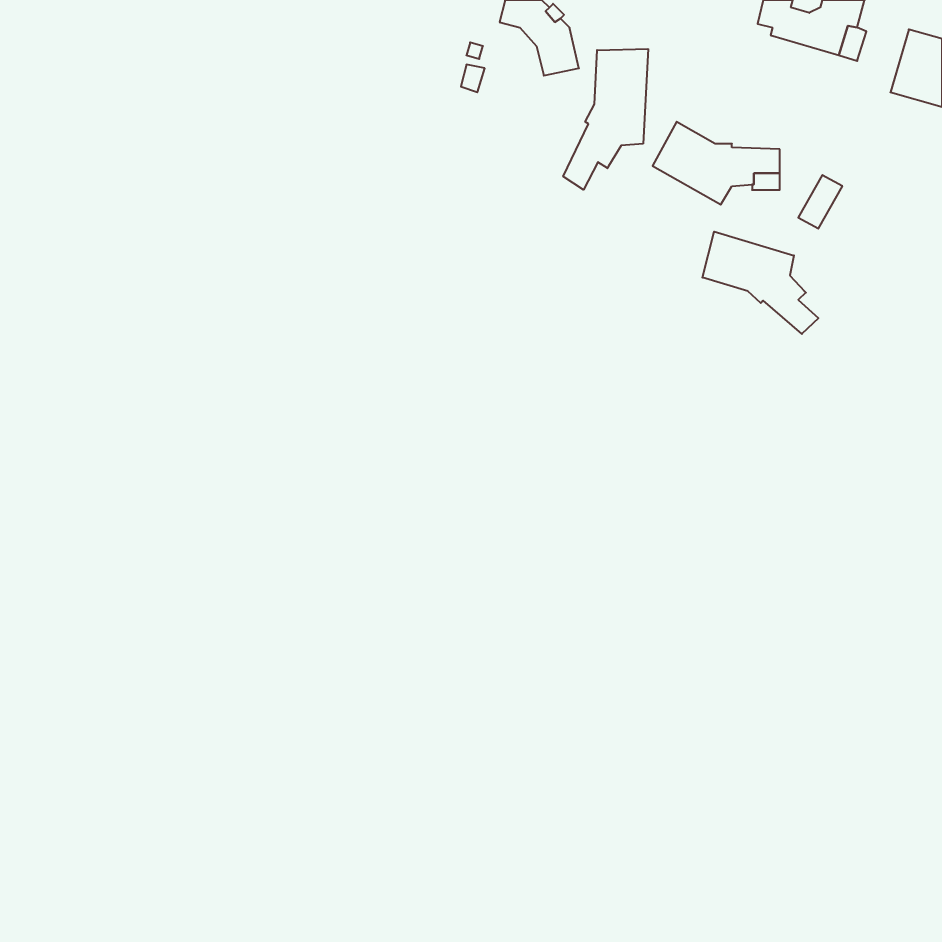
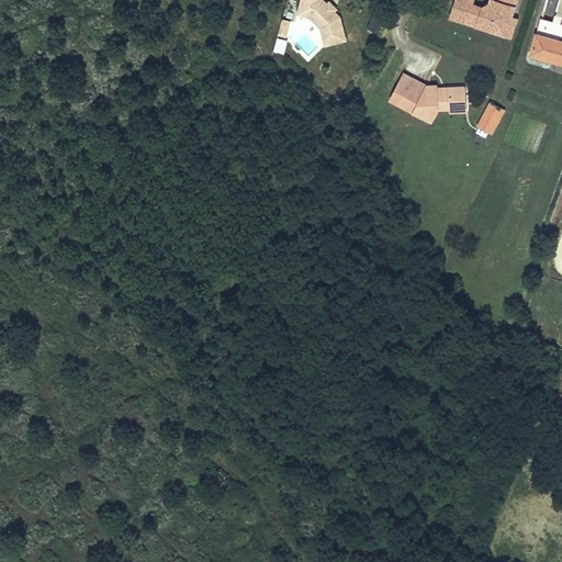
building: [563,49,648,190] -> none
building: [702,232,818,334] -> none

